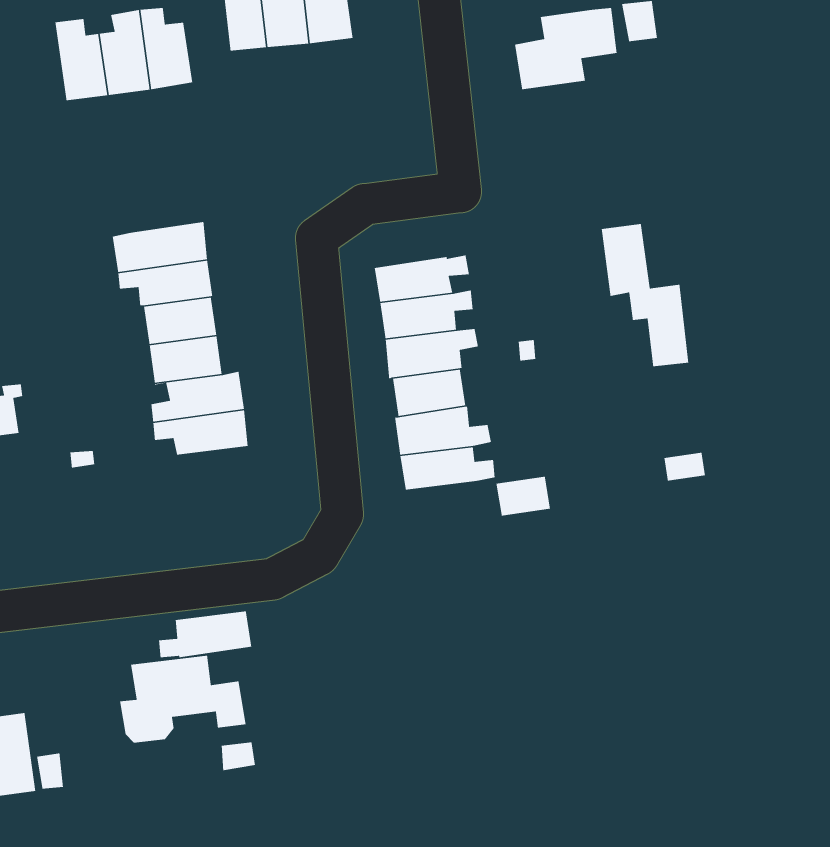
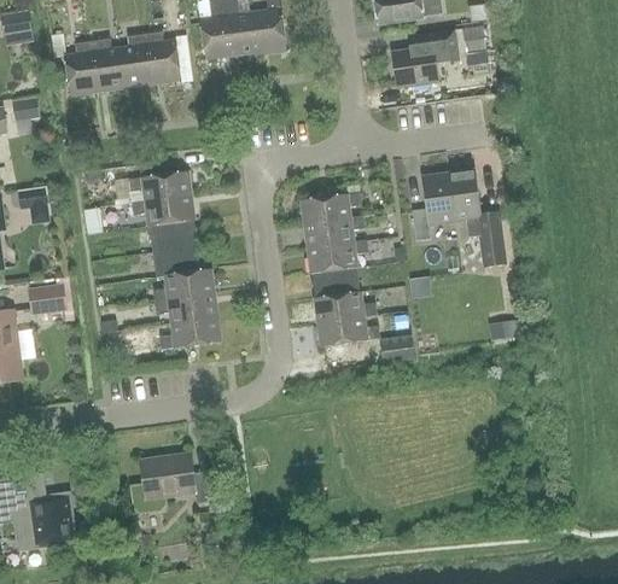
building: none -> [64,40,98,95]
building: none -> [412,175,454,240]
building: [158,610,252,658] -> [159,317,221,349]

